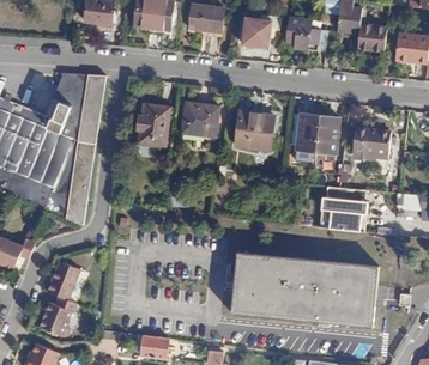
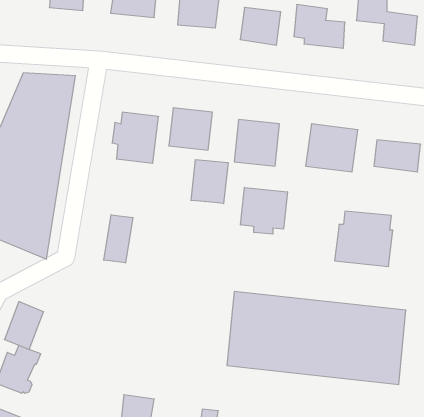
building: none -> [191,160,228,204]
building: none -> [240,187,287,234]
building: none -> [104,215,133,263]

